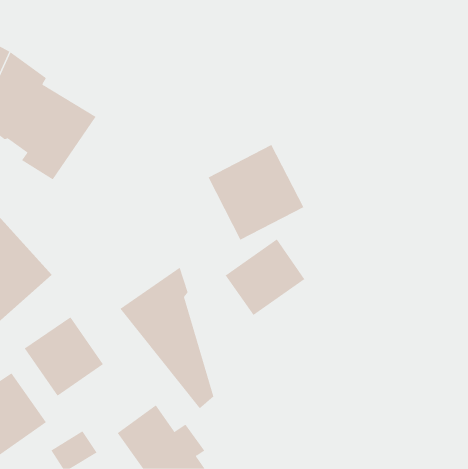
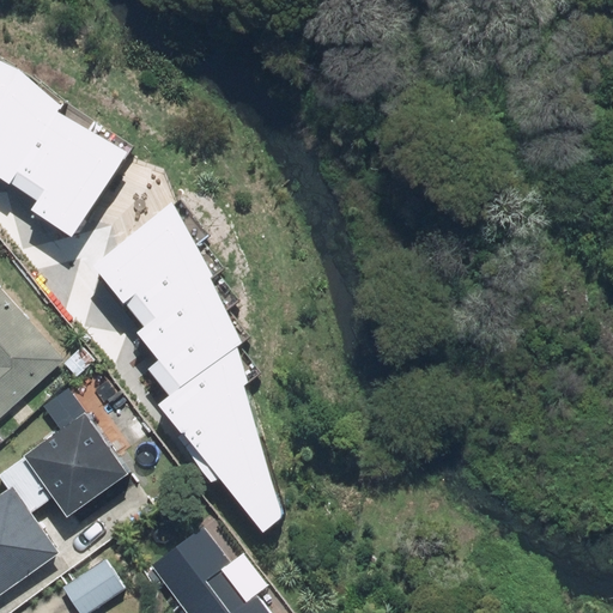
building: [208,144,304,241] -> none
building: none -> [90,201,239,395]
building: [225,239,305,316] -> none

